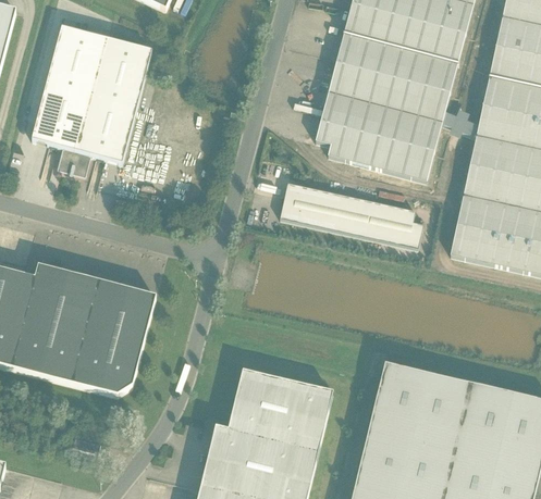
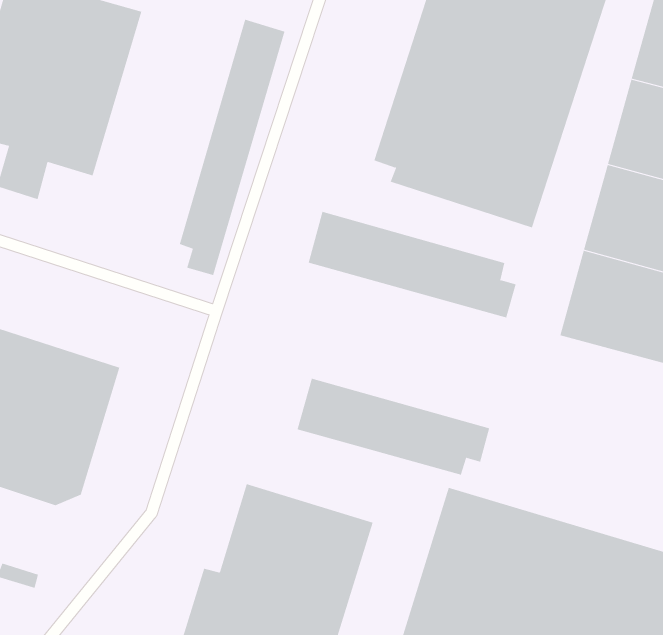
building: none -> [179,19,285,276]
building: none -> [297,378,490,476]

